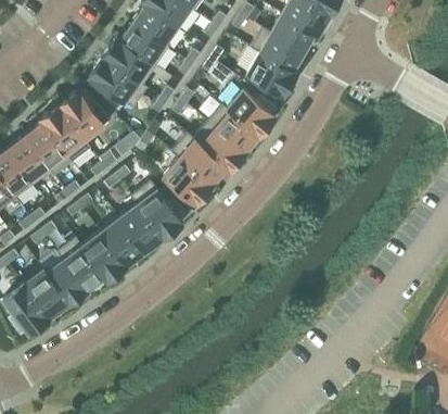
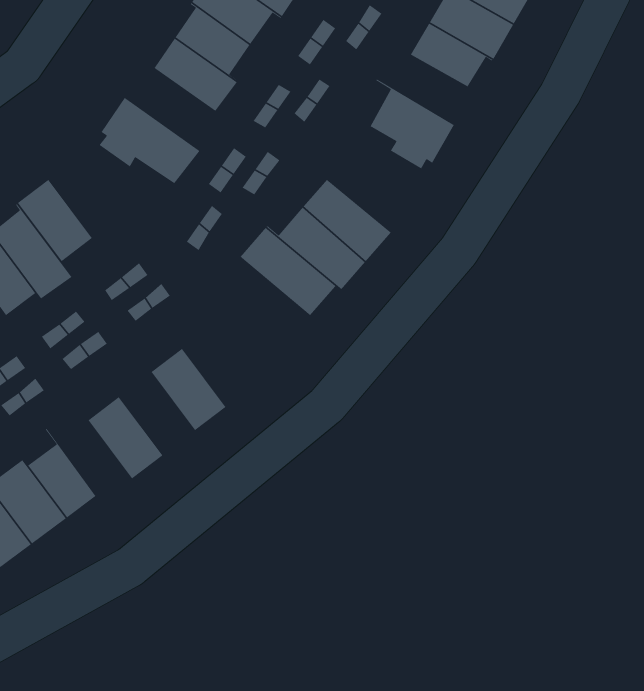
building: [251,28,304,74] -> none
building: [103,38,156,89] -> none
building: [221,89,277,137] -> none
building: [59,90,104,140] -> none
building: [163,151,212,208] -> none
building: [130,181,185,239] -> none
building: [100,218,144,267] -> none
building: [57,238,107,291] -> none

